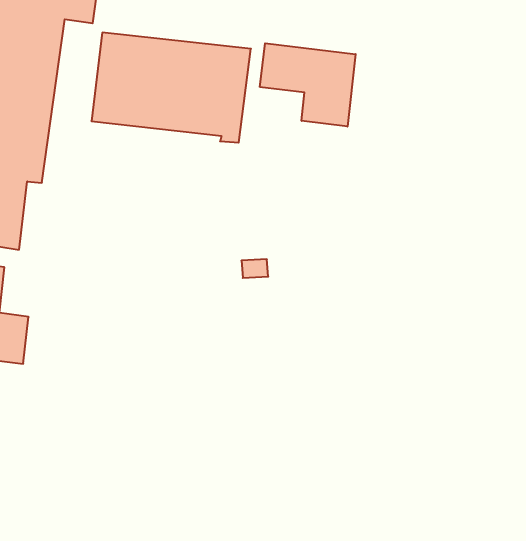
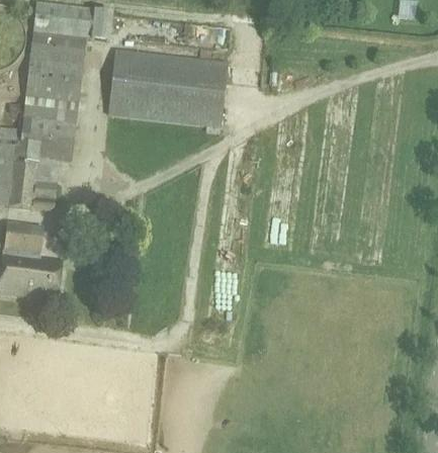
building: [260,43,356,127] -> none

